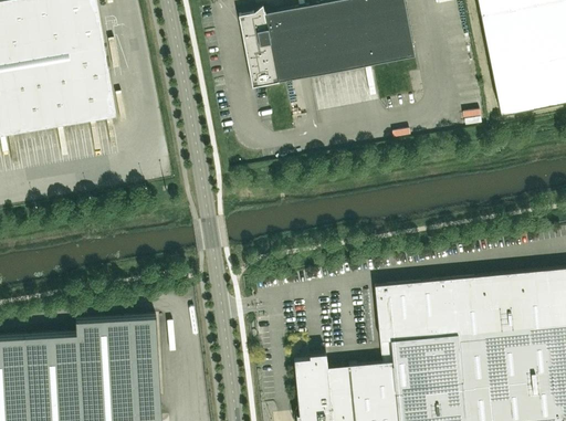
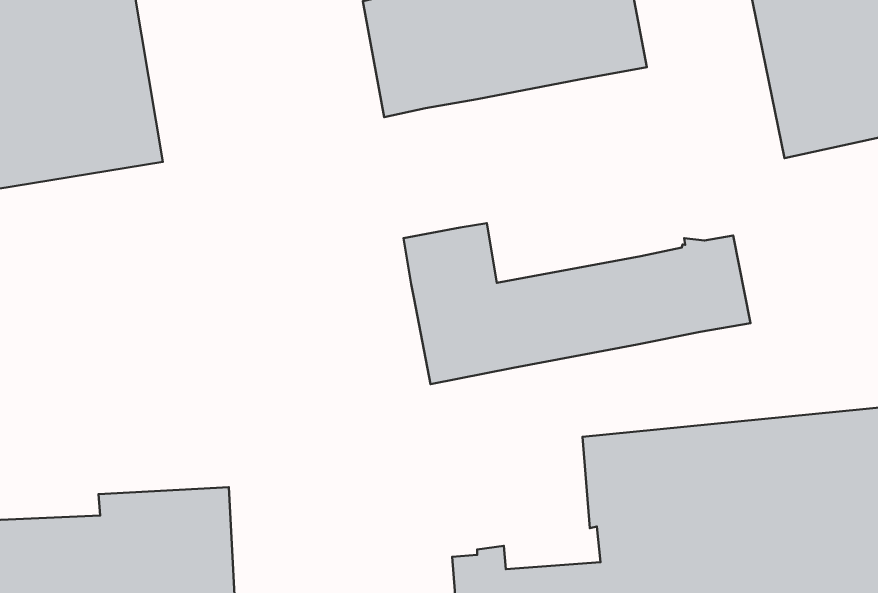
building: none -> [404,223,751,384]

